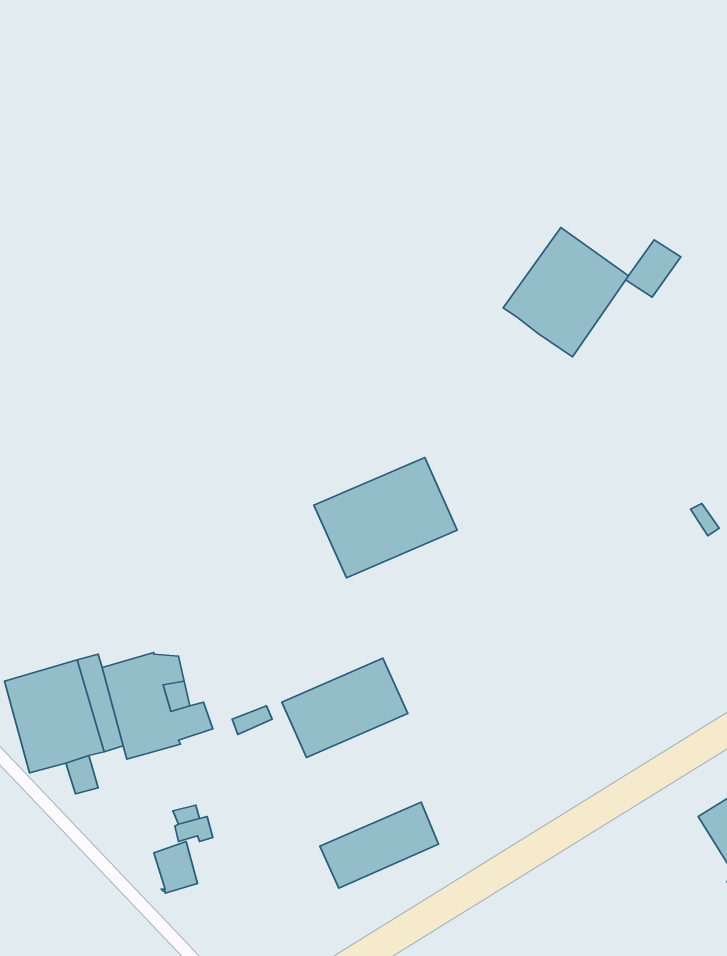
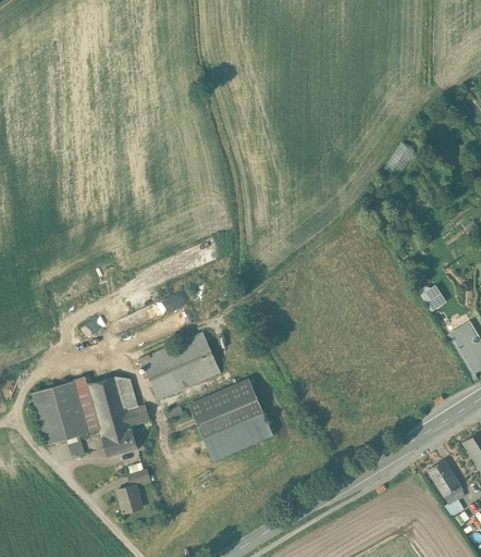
building: [503,227,628,357] -> none
building: [314,457,457,578] -> [140,332,222,400]
building: none -> [102,429,138,457]
building: [320,802,438,888] -> [205,411,272,460]

